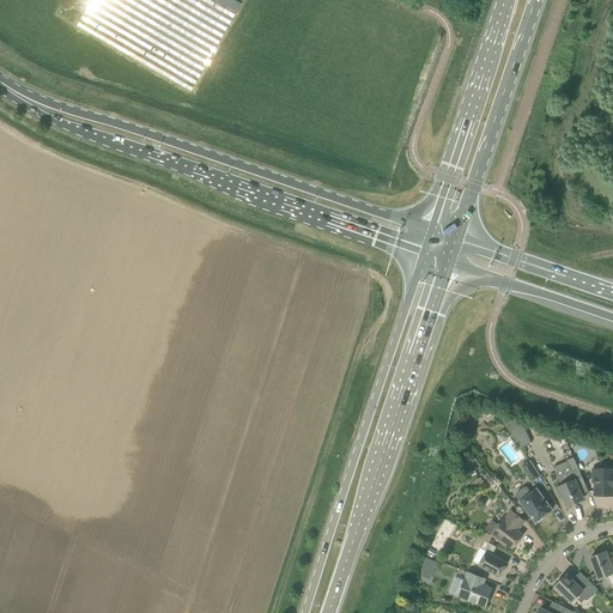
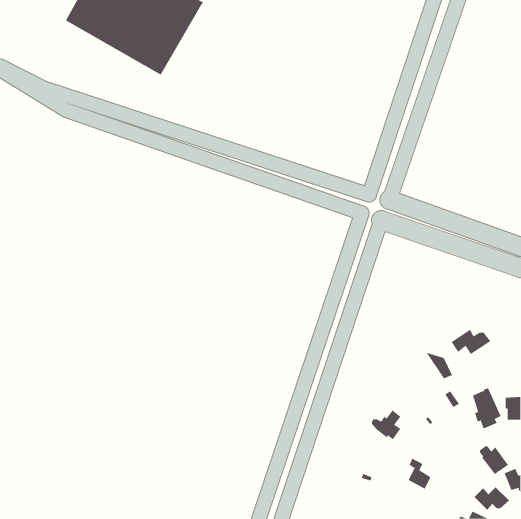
building: none -> [450,329,491,355]
building: [517,485,552,520] -> [479,445,509,475]
building: [487,510,523,546] -> [371,410,401,440]
building: [459,570,492,603] -> none

